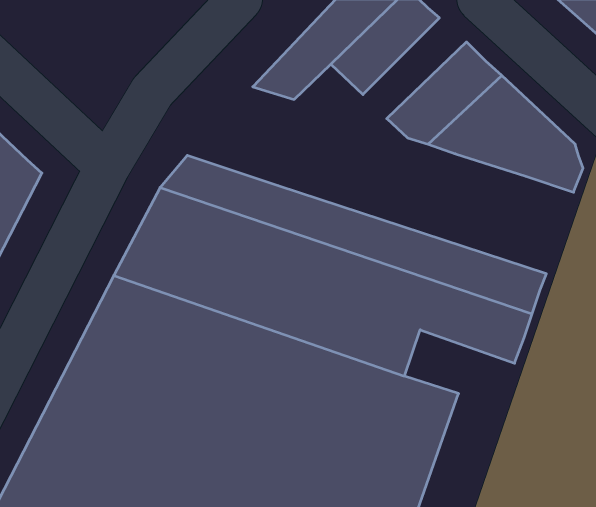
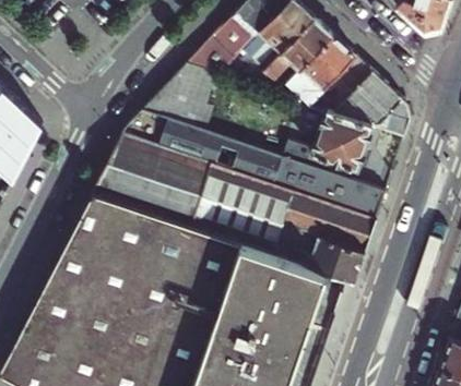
building: none -> [248,20,333,95]
building: none -> [142,67,215,134]
building: none -> [311,112,374,171]
building: none -> [291,232,366,286]

